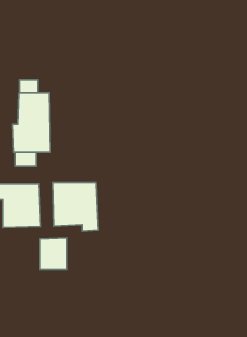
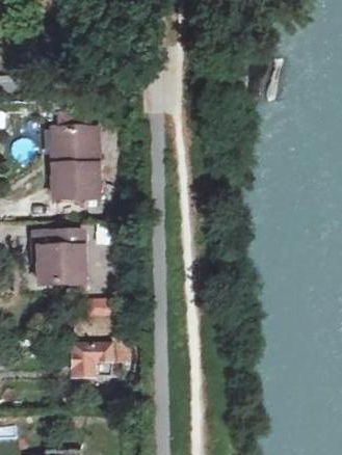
building: [53,183,98,231] -> none
building: none -> [73,344,123,377]

